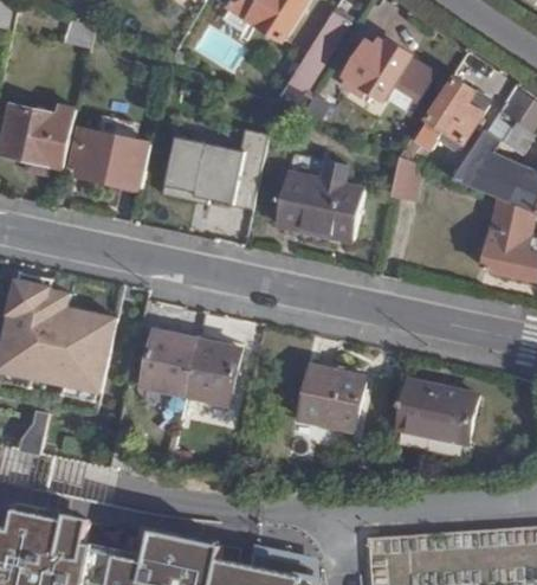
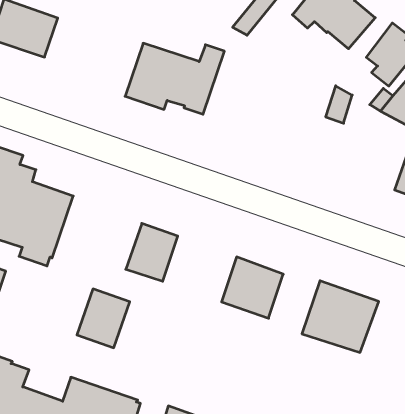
building: [72,129,149,189] -> none
building: [276,173,362,242] -> none
building: [141,332,196,396] -> [77,289,130,348]

